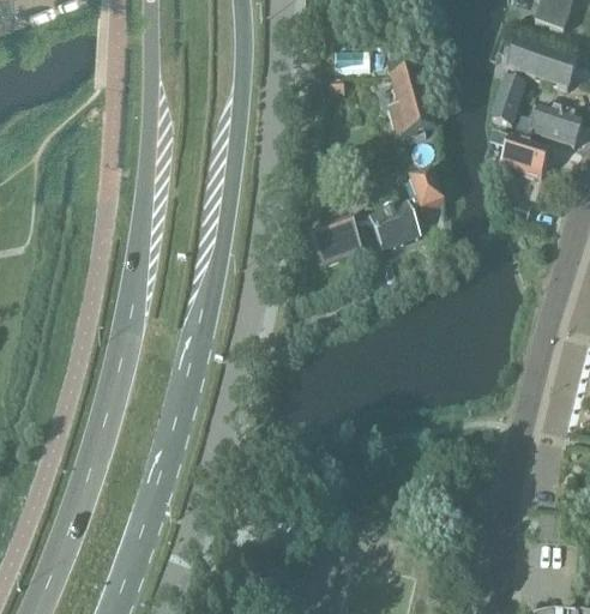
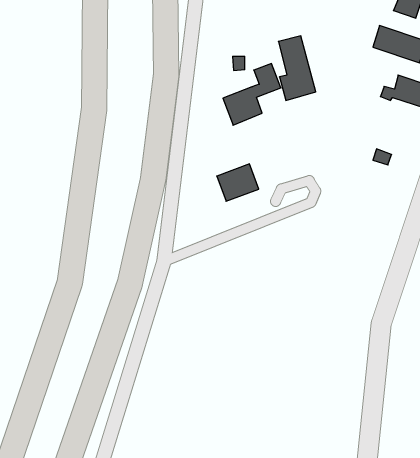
building: [490,74,525,122] -> none
building: [489,130,549,175] -> none
building: [369,169,444,248] -> [223,64,281,125]

